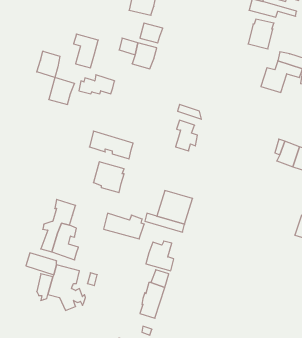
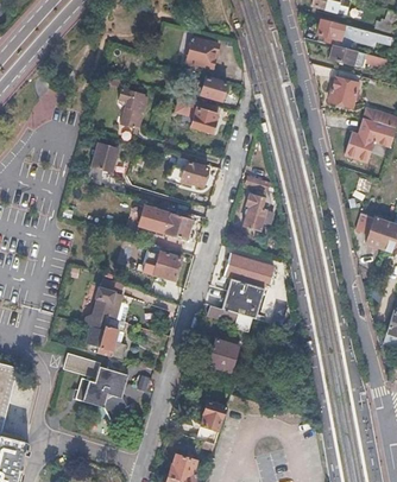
building: [37,51,60,78] -> none
building: [79,75,115,94] -> [164,161,207,184]
building: [104,213,144,239] -> [223,253,272,284]

